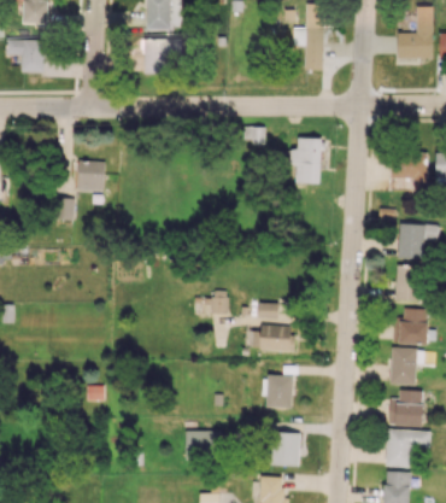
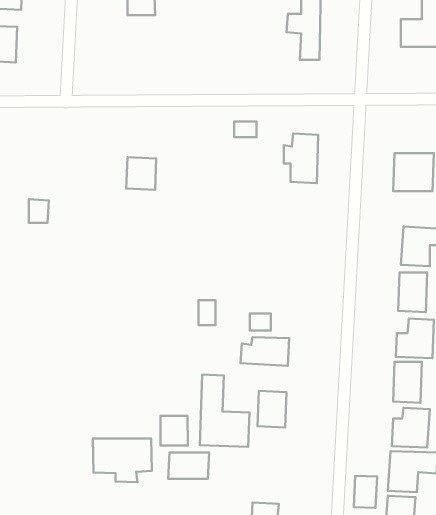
building: [143,39,183,74] -> none
building: [77,160,105,191] -> [126,157,156,190]
building: none -> [200,375,249,447]
building: none -> [160,416,188,446]
building: none -> [93,439,152,482]
building: [271,433,300,466] -> none
building: none -> [354,476,377,508]

